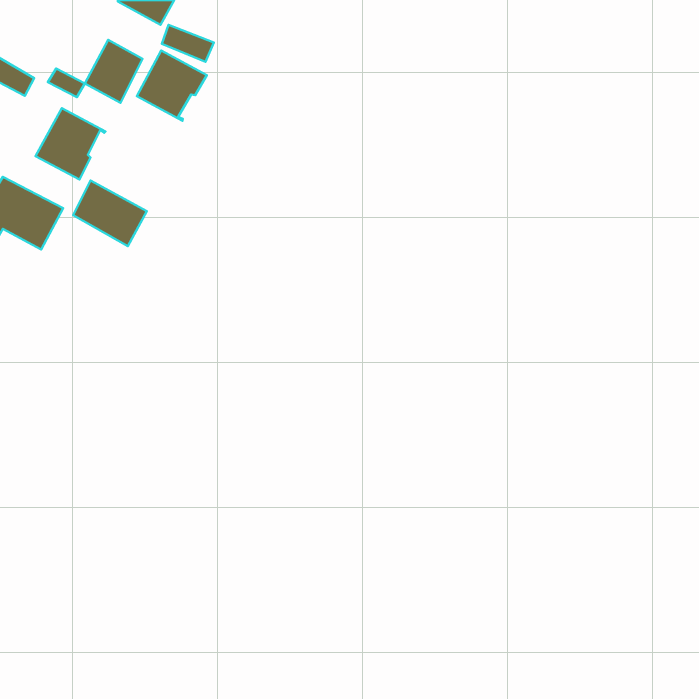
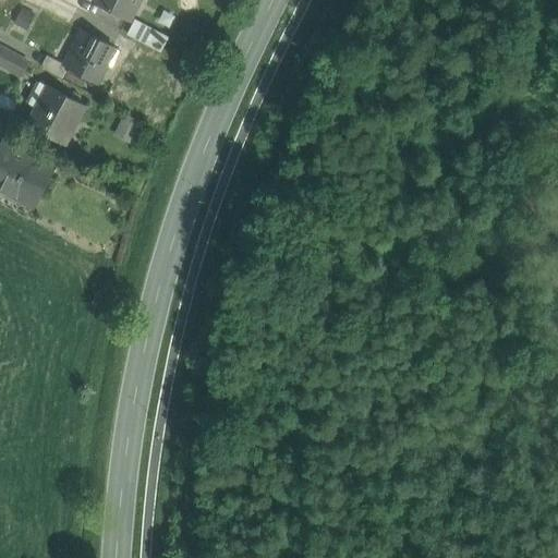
building: [137,51,207,121] -> none
building: [73,181,147,246] -> none

